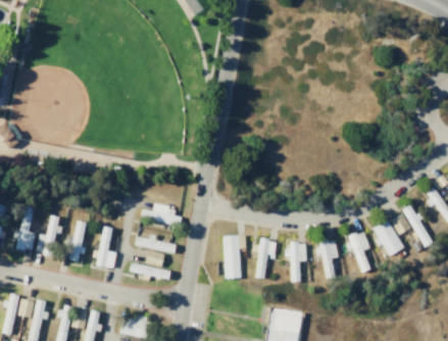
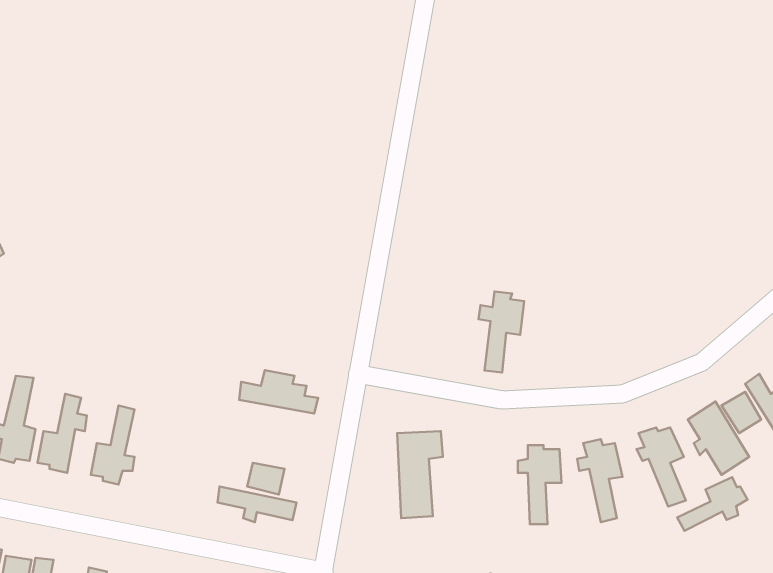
building: [93,228,116,270] -> none
building: [135,235,177,254] -> none
building: [252,238,276,280] -> [479,291,524,372]
building: none -> [677,477,747,531]

